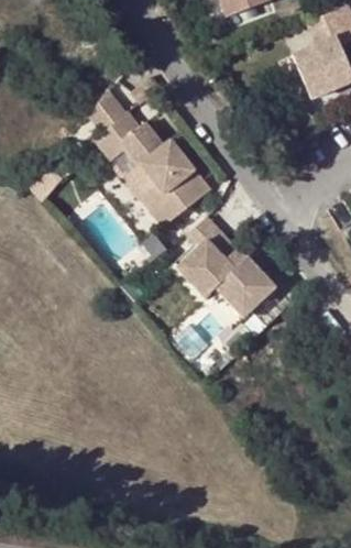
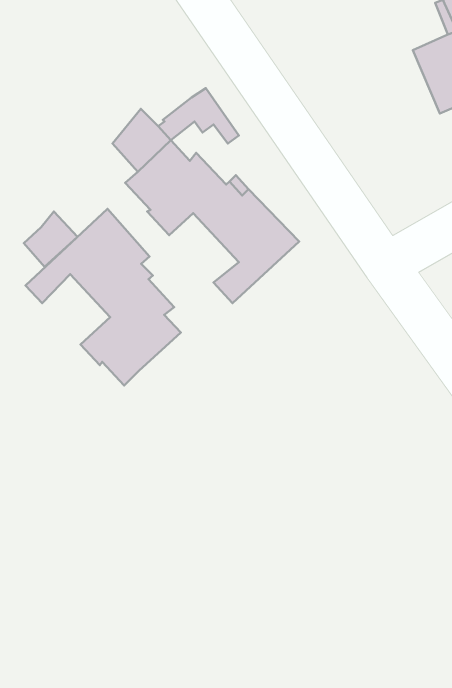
building: none -> [25,209,181,386]
building: [175,238,275,317] -> none

